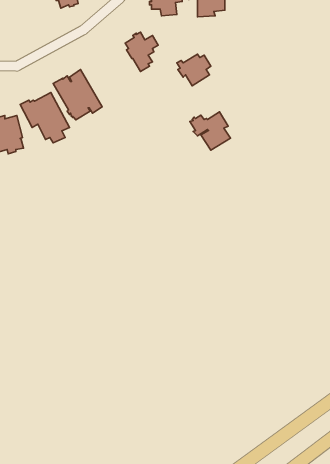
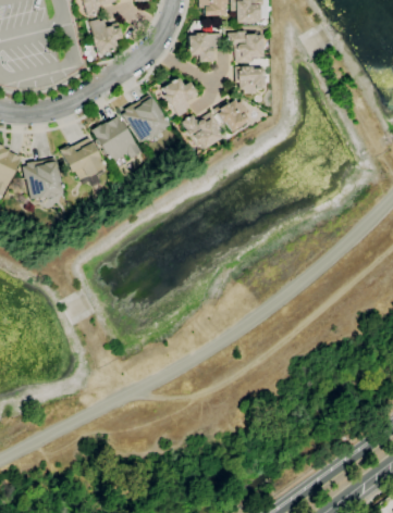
building: none -> [236,65,263,93]
building: none -> [122,99,168,142]
building: [190,112,230,150] -> [182,112,222,150]

